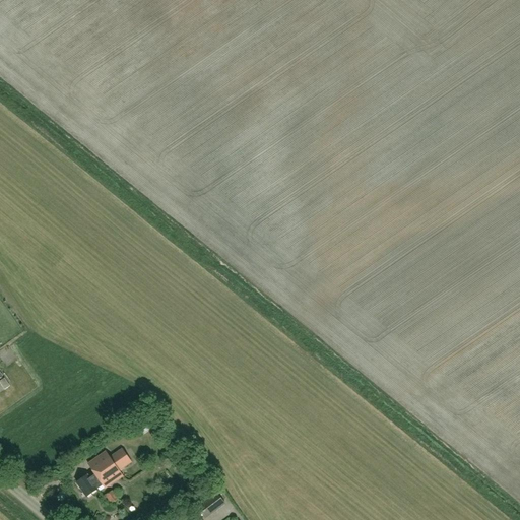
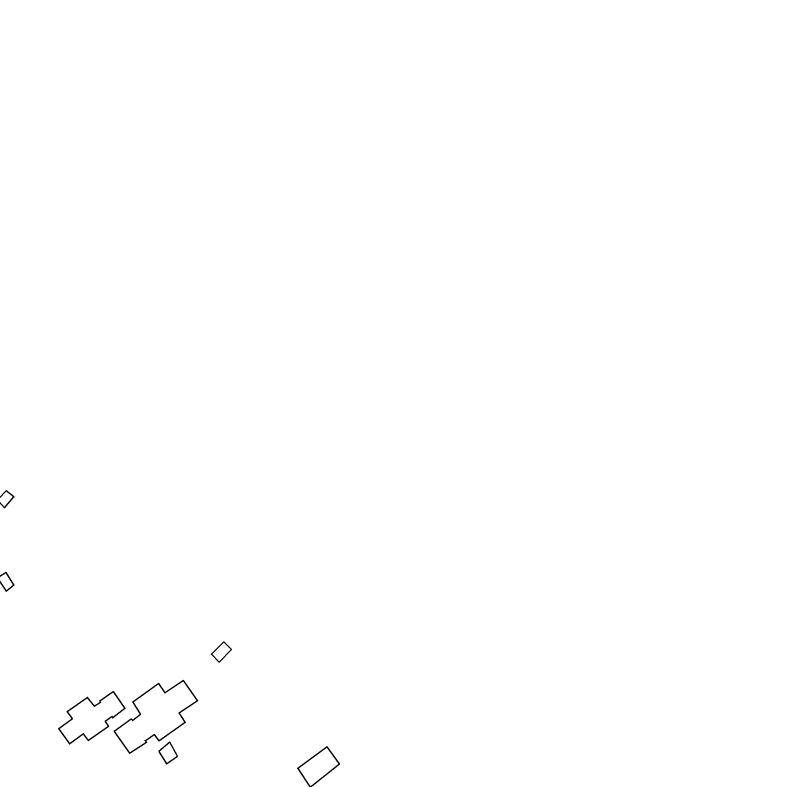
building: none -> [59,692,125,744]

